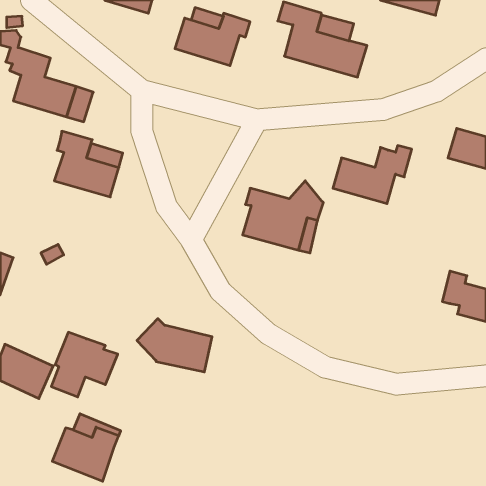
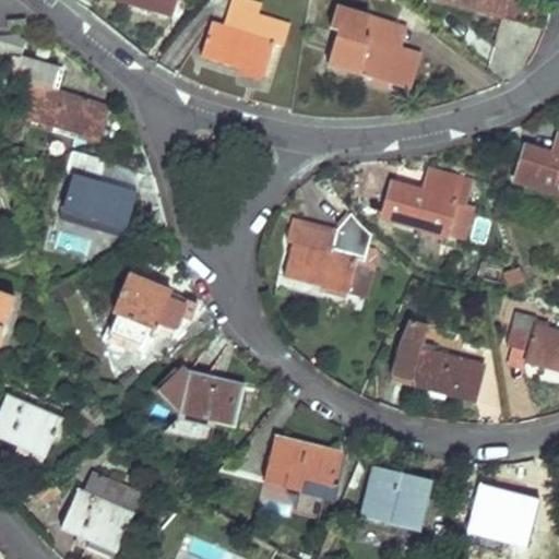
building: none -> [393,319,486,401]
building: [51,332,118,397] -> [110,275,187,349]
building: none -> [263,437,341,491]
building: none -> [361,467,430,530]
building: none -> [466,483,540,547]

